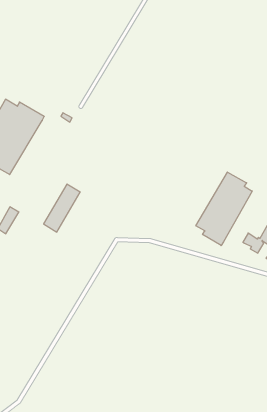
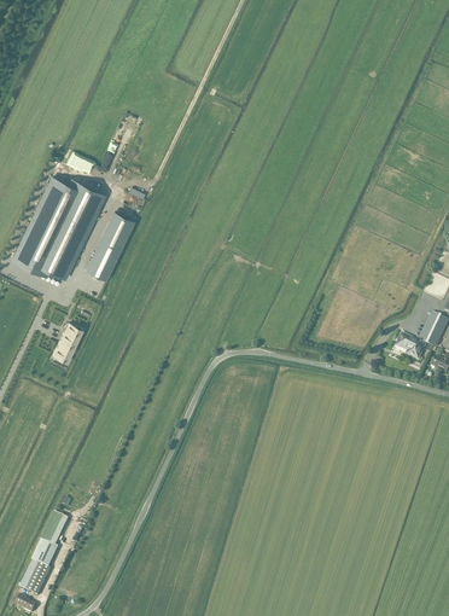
building: [196,172,252,246] -> none
building: [44,184,80,232] -> [87,210,134,278]

